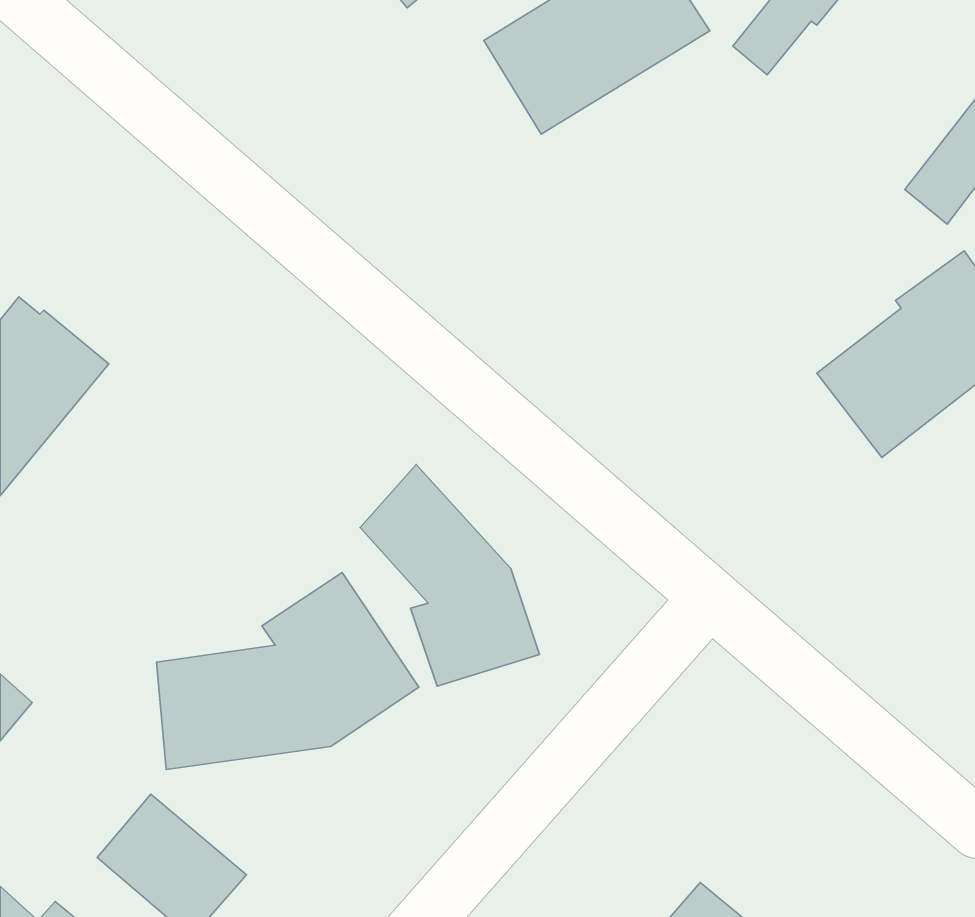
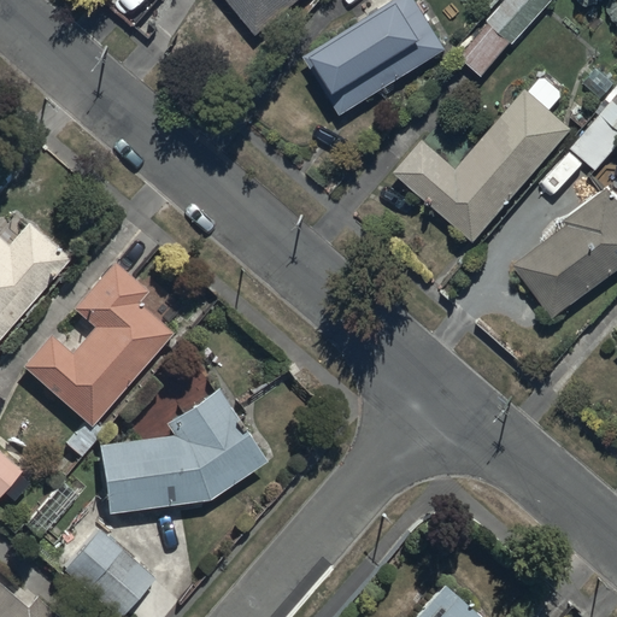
building: none -> [394,77,574,241]
building: none -> [23,263,170,425]
building: [360,464,539,686] -> none

